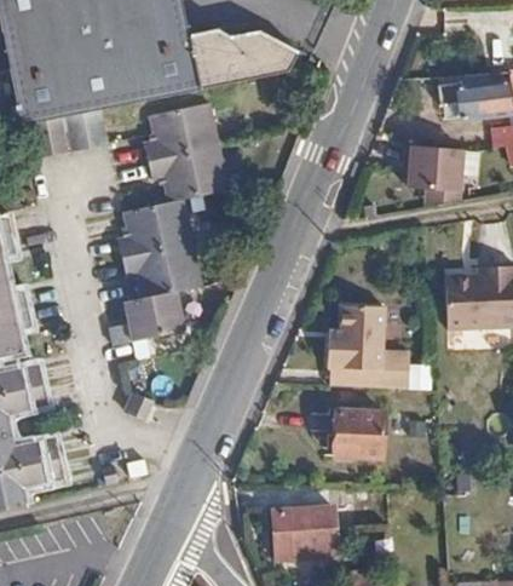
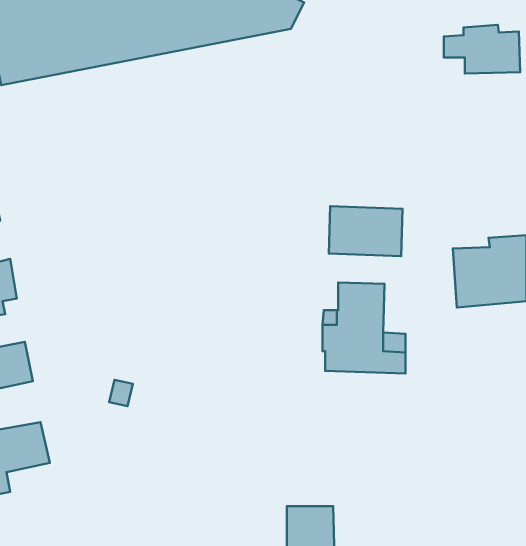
building: [106,99,223,338] -> none
building: [388,145,456,191] -> [329,206,403,256]
building: [327,410,376,456] -> none

